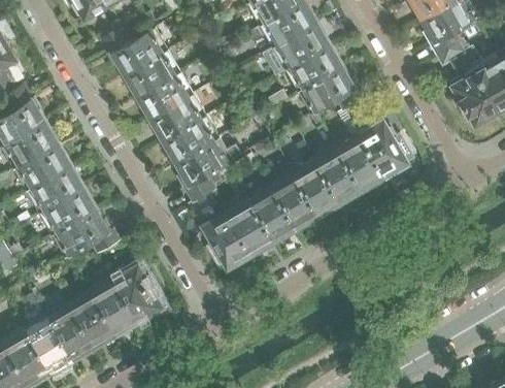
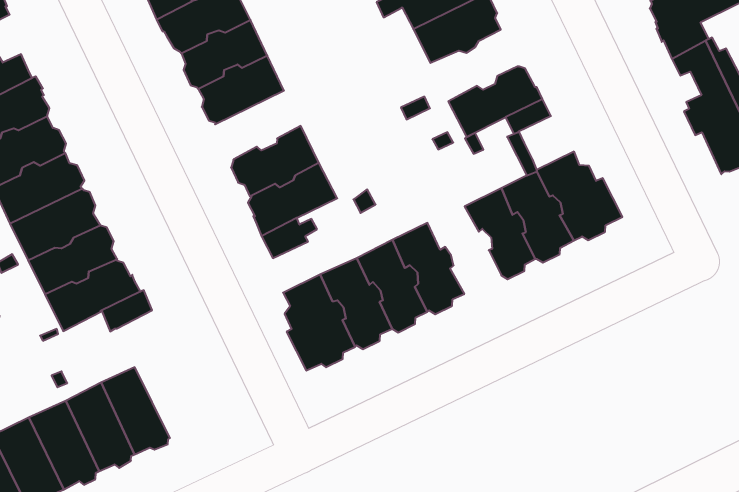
building: [285,45,341,94] -> none
building: [151,95,206,141] -> none
building: [292,160,341,218] -> none
building: [112,267,163,322] -> none

